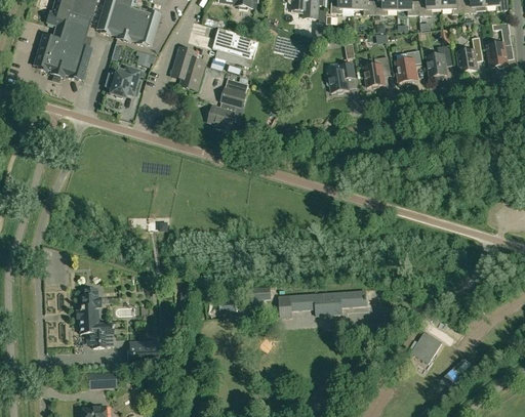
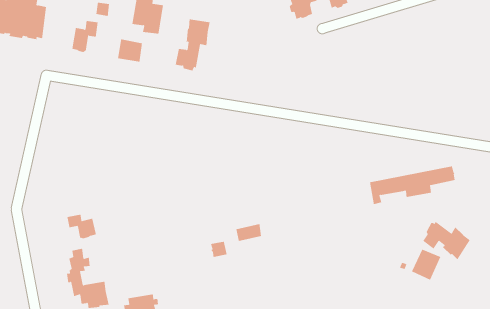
building: none -> [117,39,143,62]
building: none -> [67,214,96,239]
building: [282,290,367,318] -> [369,166,456,205]
building: none -> [422,221,471,260]

